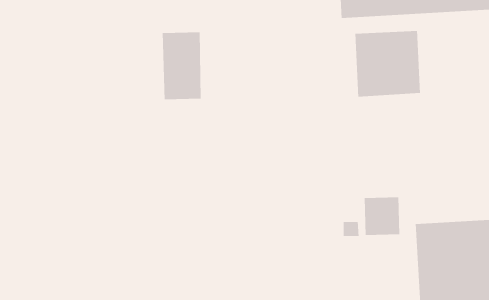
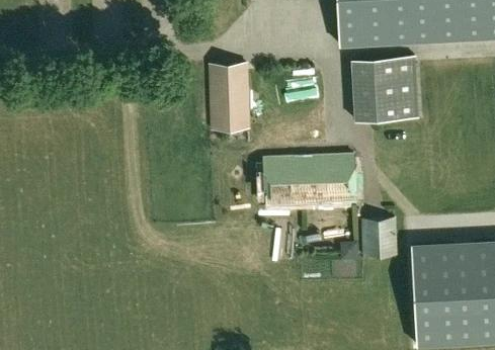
building: [162,32,201,100] -> [209,65,247,132]
building: none -> [263,155,355,207]

